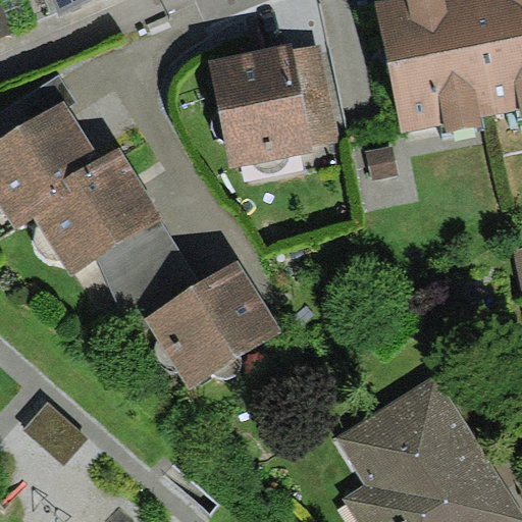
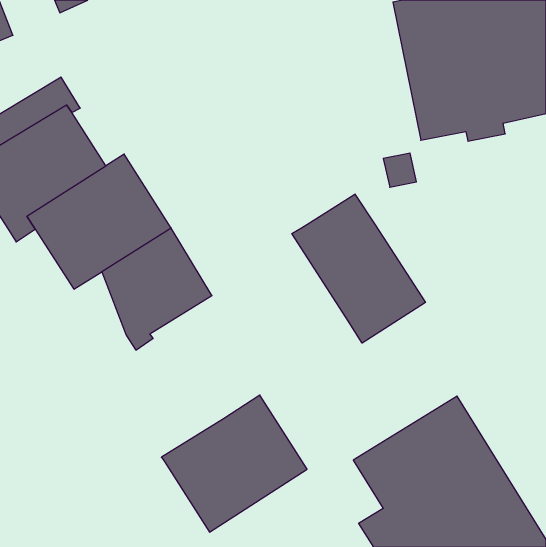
building: [208,44,338,169] -> none
building: none -> [292,194,425,343]
building: [143,259,281,389] -> [161,395,307,532]

